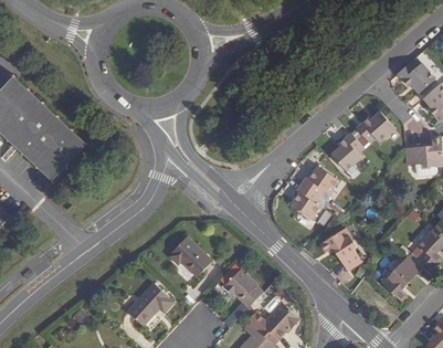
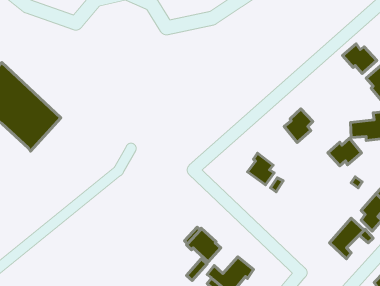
building: [356,113,393,144] -> [328,138,361,166]
building: [302,166,338,197] -> none
building: [319,229,360,271] -> none
building: [168,234,211,275] -> none
building: [128,281,172,324] -> none

